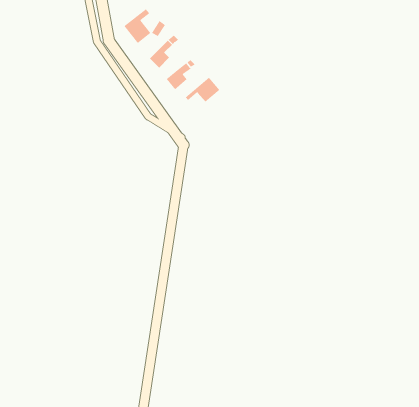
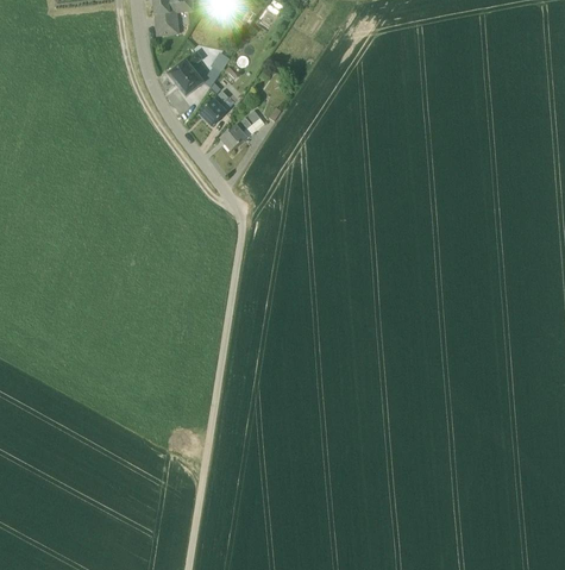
building: [185,77,220,102] -> none

